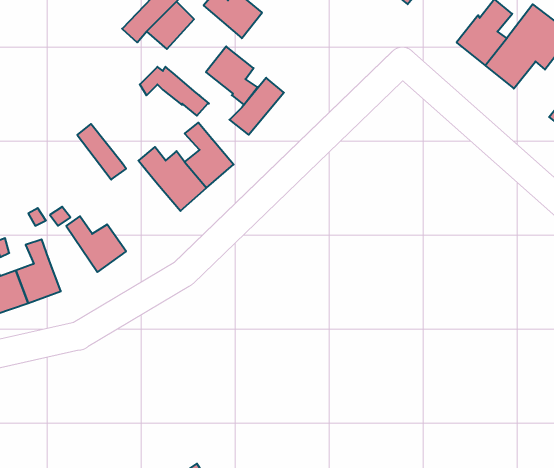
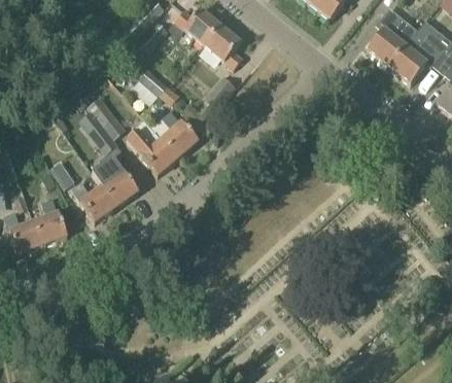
building: [206,46,258,105] -> [204,25,243,69]
building: none -> [88,95,127,139]
building: none -> [92,156,138,206]

